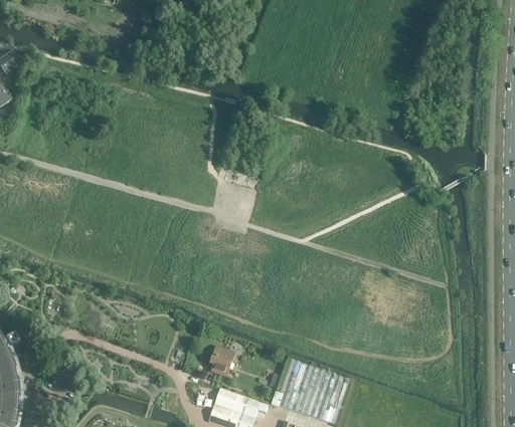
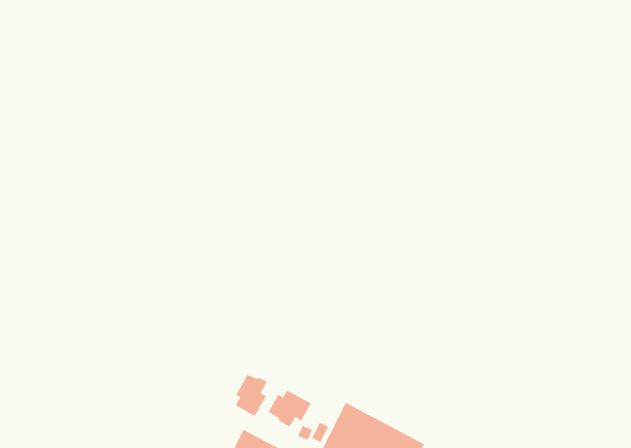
building: none -> [268,390,312,428]

